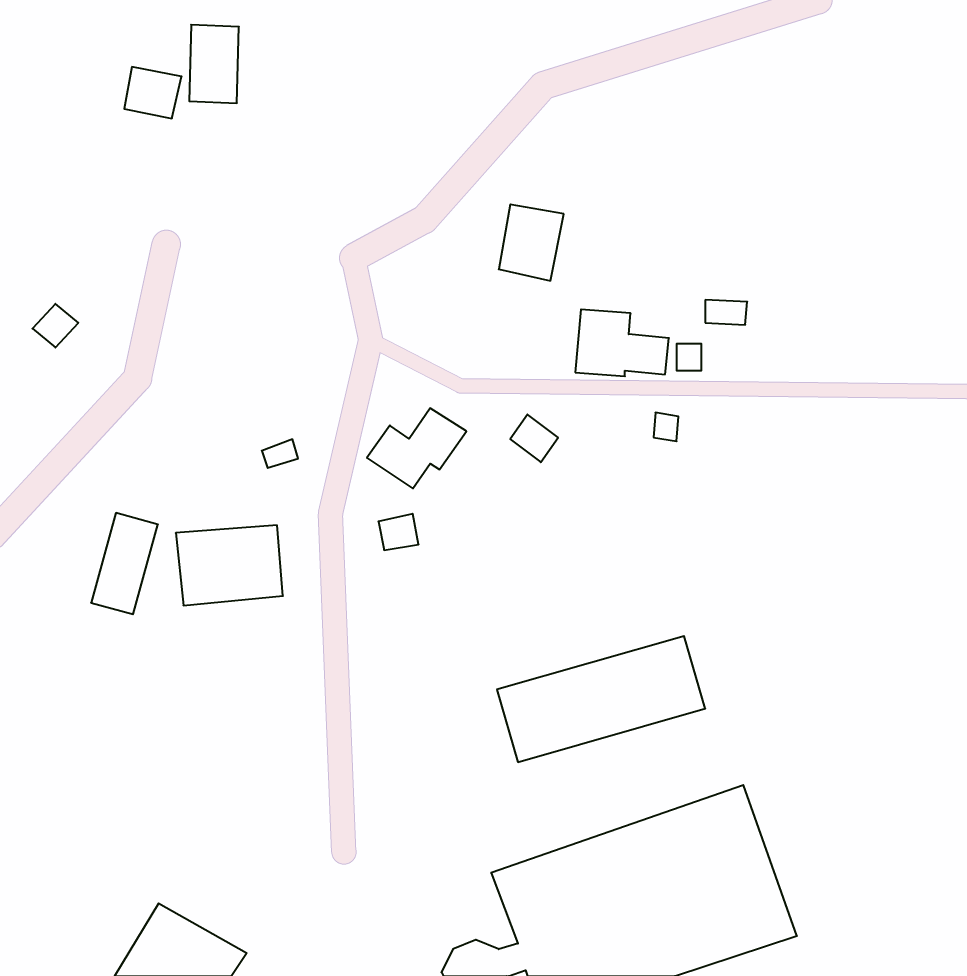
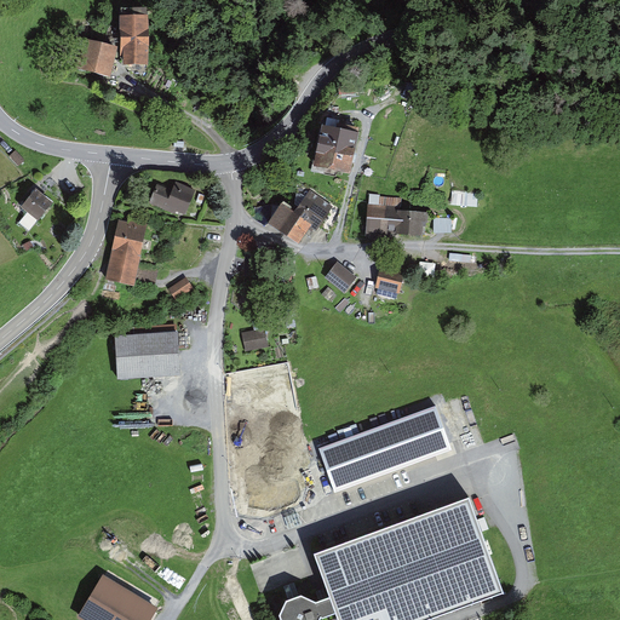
building: none -> [149,184,193,218]
building: [367,408,466,488] -> [268,193,331,243]
building: [91,513,158,614] -> [104,220,147,285]

